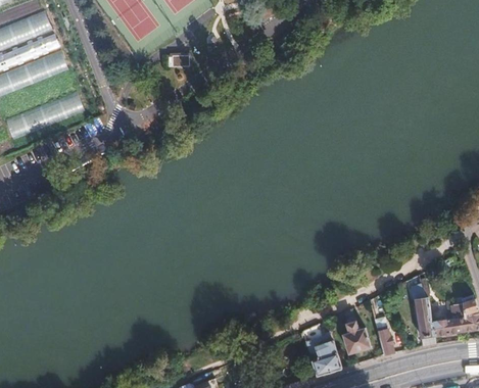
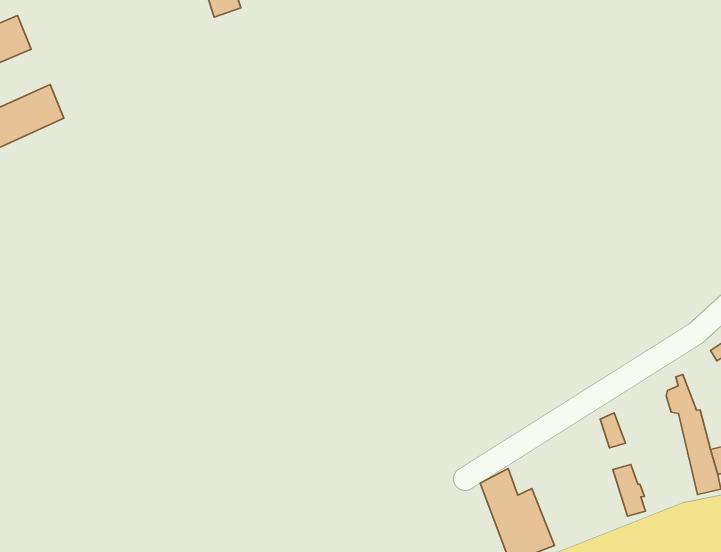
building: [342,308,371,354] -> none

